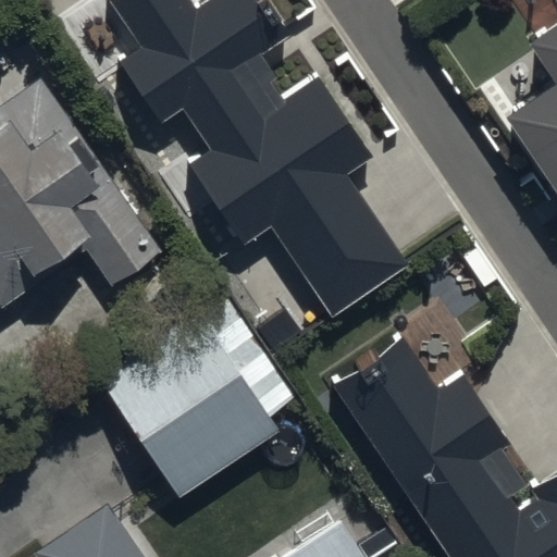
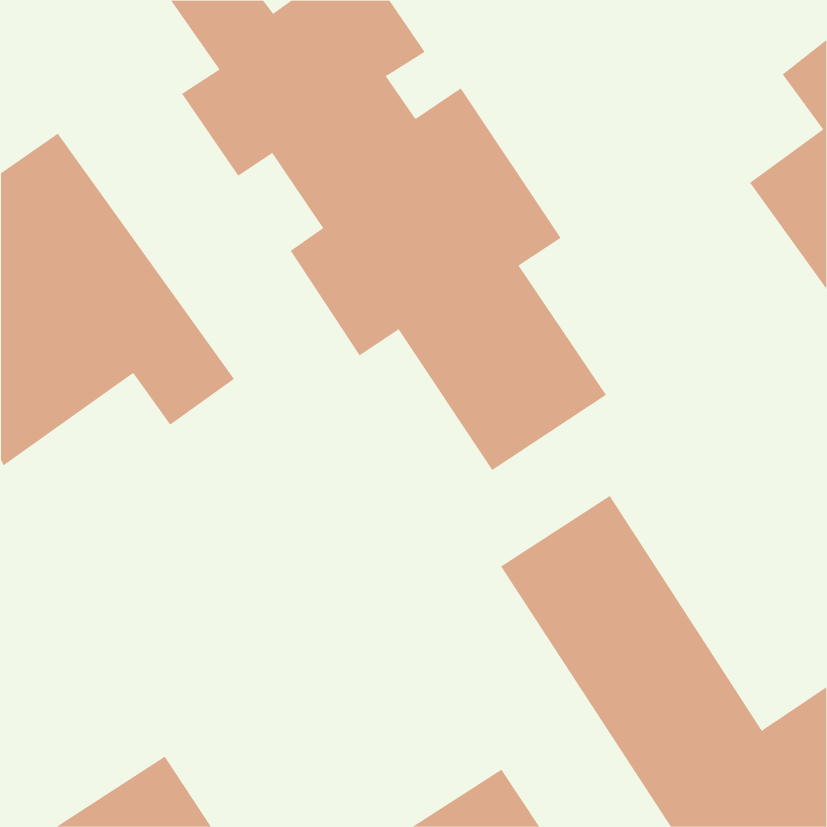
building: [109,325,275,496] -> none

